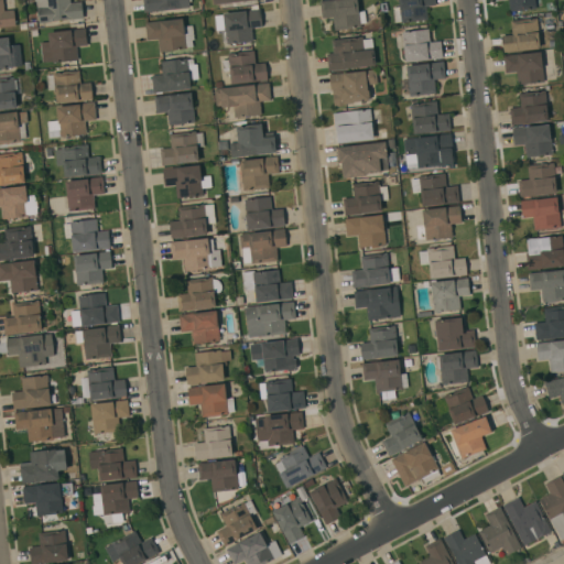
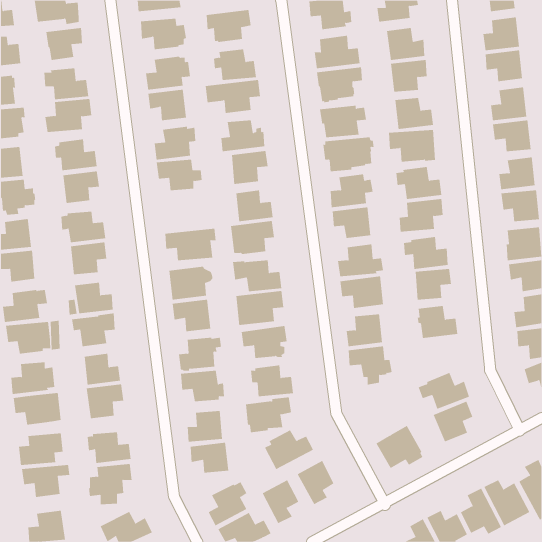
building: [169,204,215,239] -> none
building: [434,350,477,386] -> none
building: [381,412,422,456] -> none

